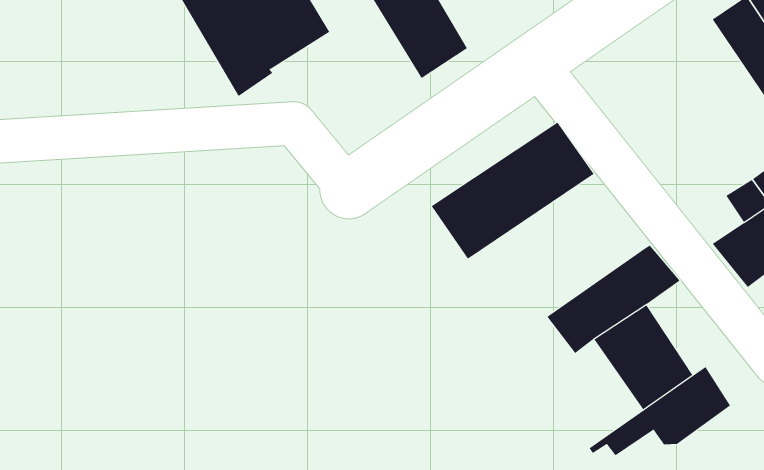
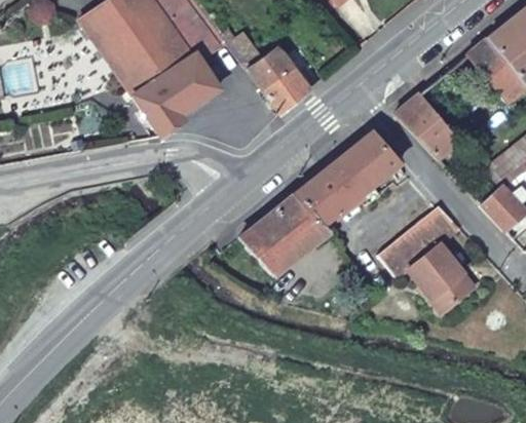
building: none -> [394,95,459,159]
building: none -> [237,194,327,278]
building: [589,366,731,456] -> none

